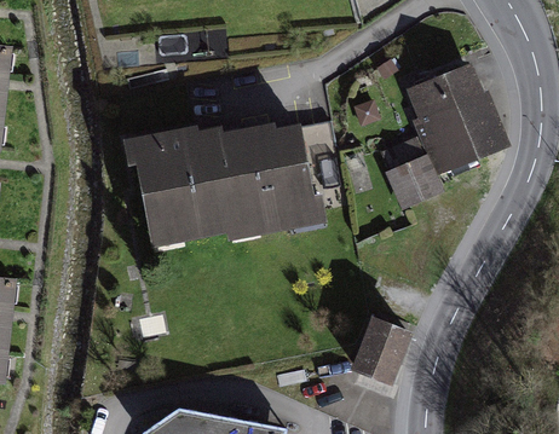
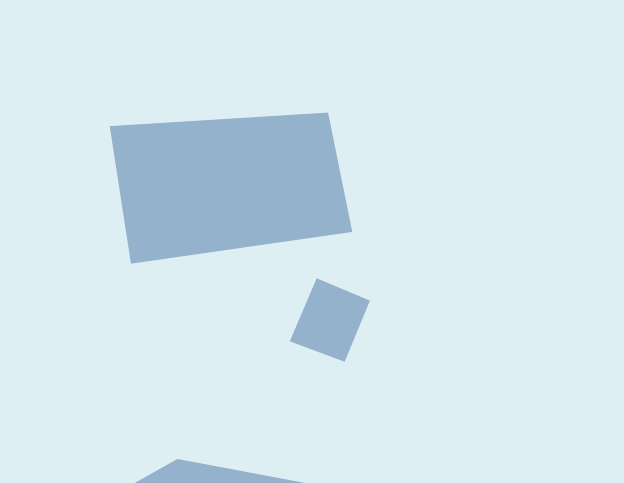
building: [378,60,512,209] -> none
building: [341,318,407,386] -> [289,278,371,363]

